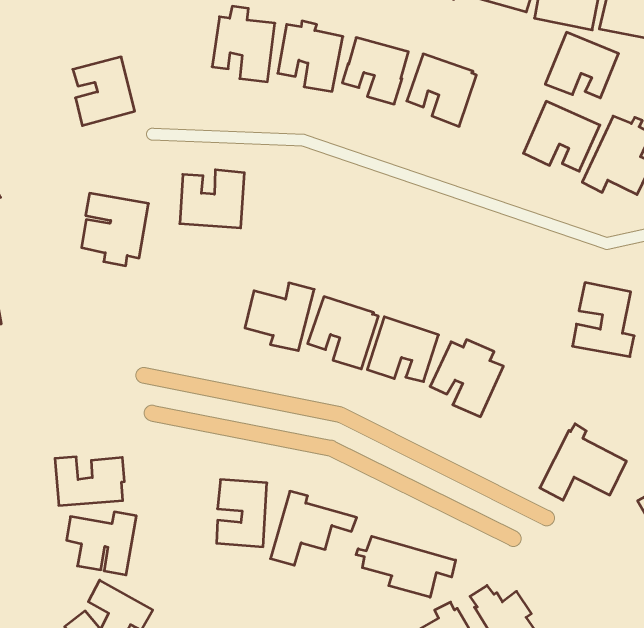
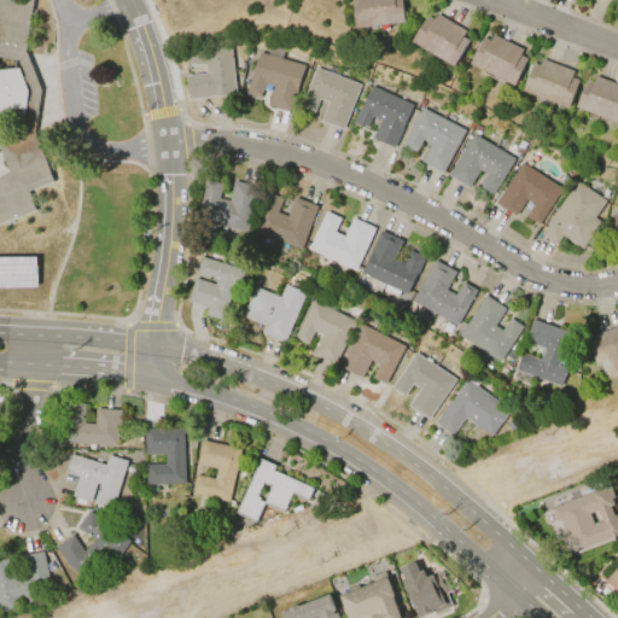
building: [545,32,619,98] -> [451,134,517,193]
building: [73,57,135,126] -> [187,46,235,99]
building: none -> [256,193,320,249]
building: none -> [309,211,375,270]
building: [82,193,149,266] -> [188,256,250,321]
building: none -> [362,231,426,298]
building: none -> [413,260,478,326]
building: none -> [459,295,524,362]
building: [540,424,626,500] -> [435,373,511,437]
building: none -> [146,428,186,484]
building: [356,536,456,597] -> none

